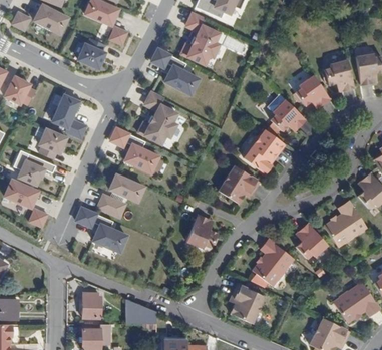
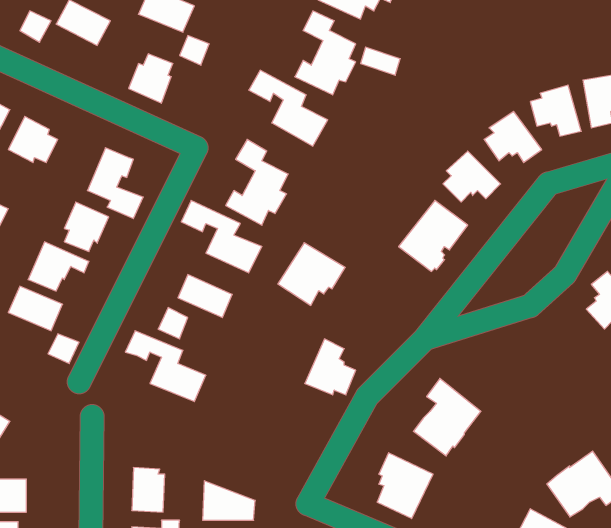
building: [218,163,259,202] -> [278,243,345,305]
building: [324,199,367,245] -> none
building: [296,222,328,257] -> none

